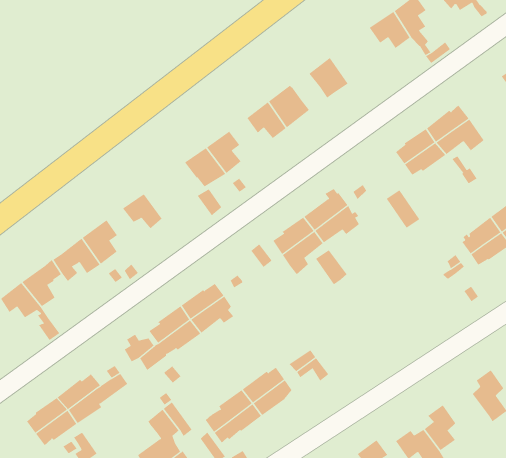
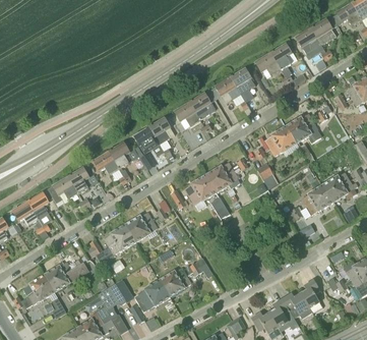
building: none -> [229,68,254,102]
building: none -> [107,143,132,181]
building: none -> [282,293,311,319]

